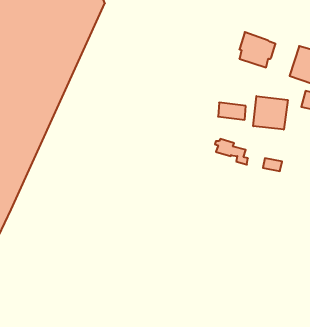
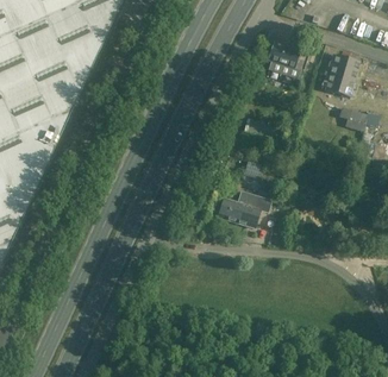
building: [253,96,288,130] -> none
building: none -> [217,190,259,227]

